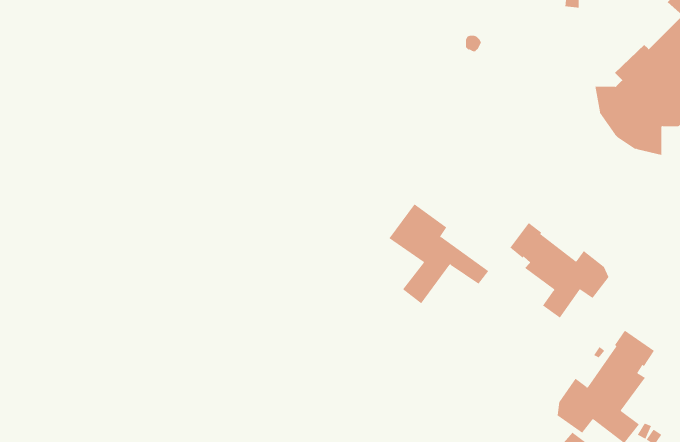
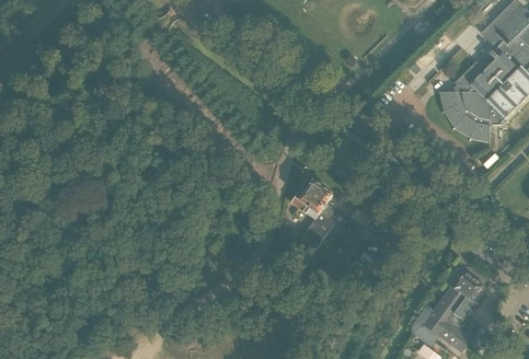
building: [509,222,609,318] -> none

